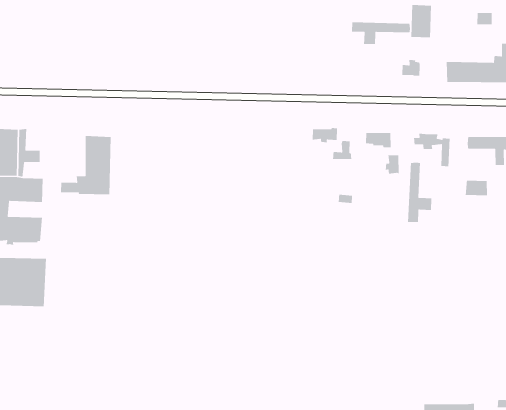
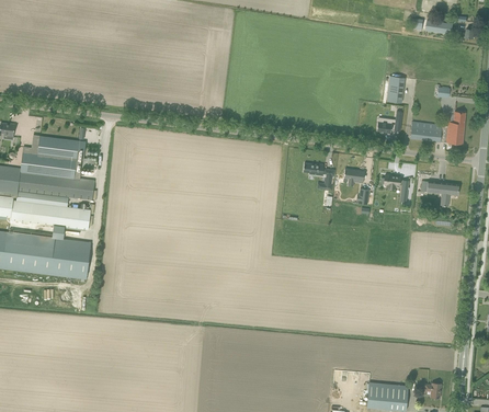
building: [351,21,411,45] -> none
building: [60,135,112,195] -> none
building: [407,162,432,223] -> none

